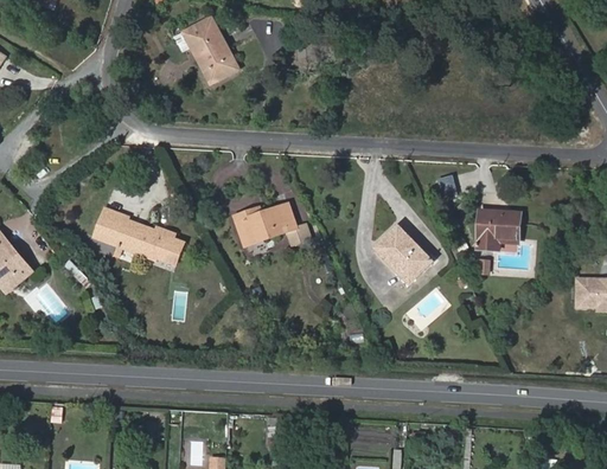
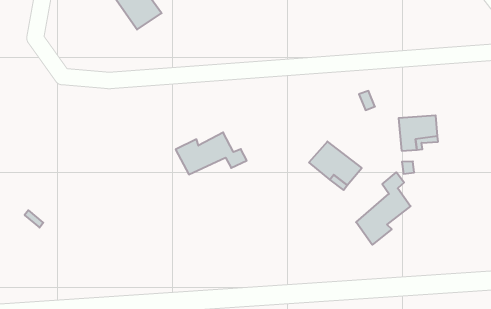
building: [94,210,181,263] -> none
building: none -> [356,172,411,245]

